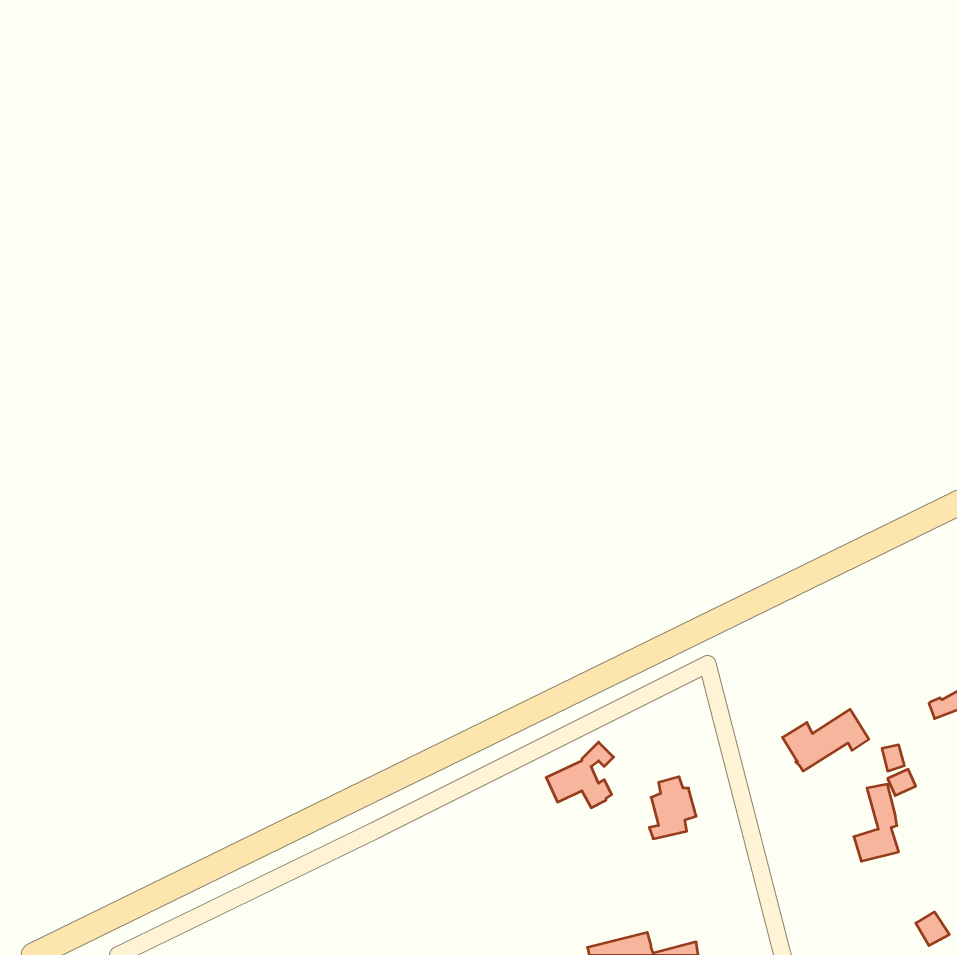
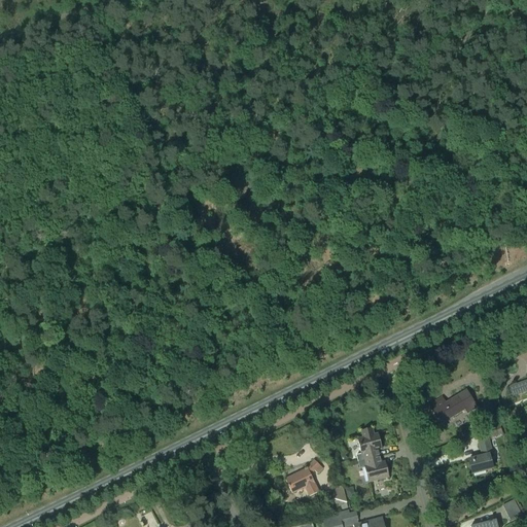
building: [546,742,614,808] -> [286,459,323,495]
building: none -> [359,456,389,481]

